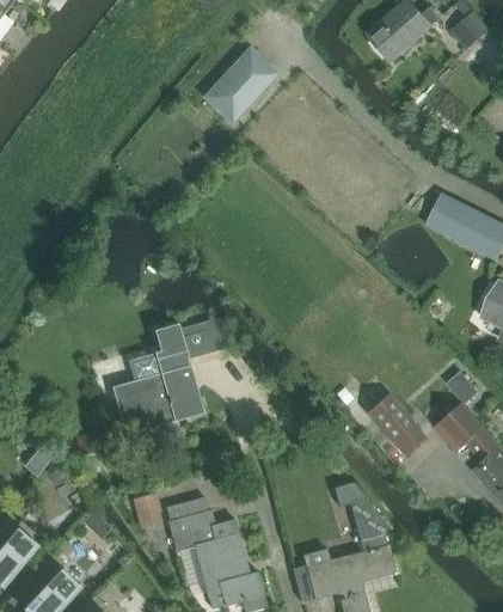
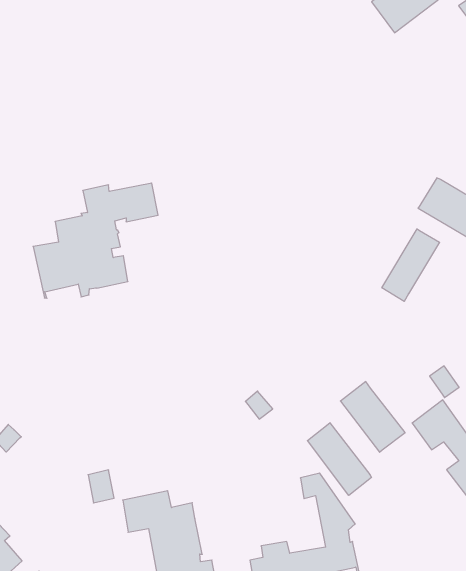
building: [203,47,278,124] -> none
building: none -> [382,229,440,301]
building: [111,318,227,434] -> [33,183,158,298]
building: none -> [307,423,371,495]

